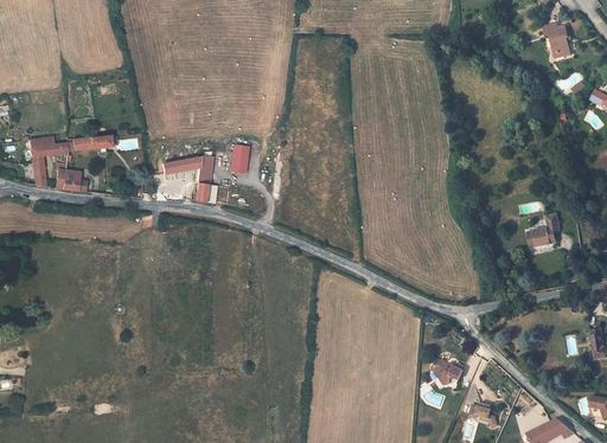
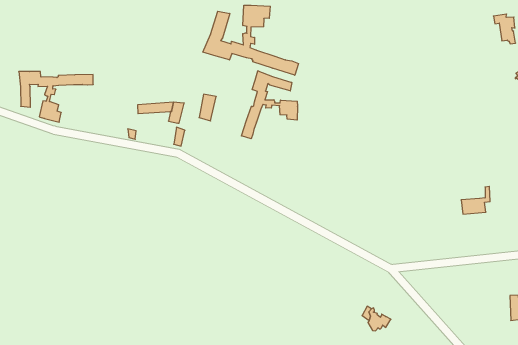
building: none -> [203,5,298,75]
building: none -> [241,71,297,139]

